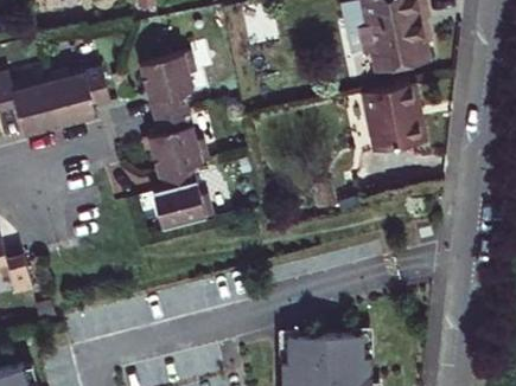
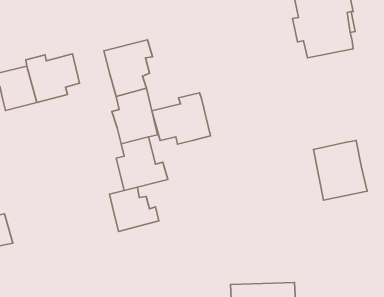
building: [362,83,425,153] -> [313,141,367,200]
building: none -> [152,93,211,144]
building: none -> [109,187,159,231]

